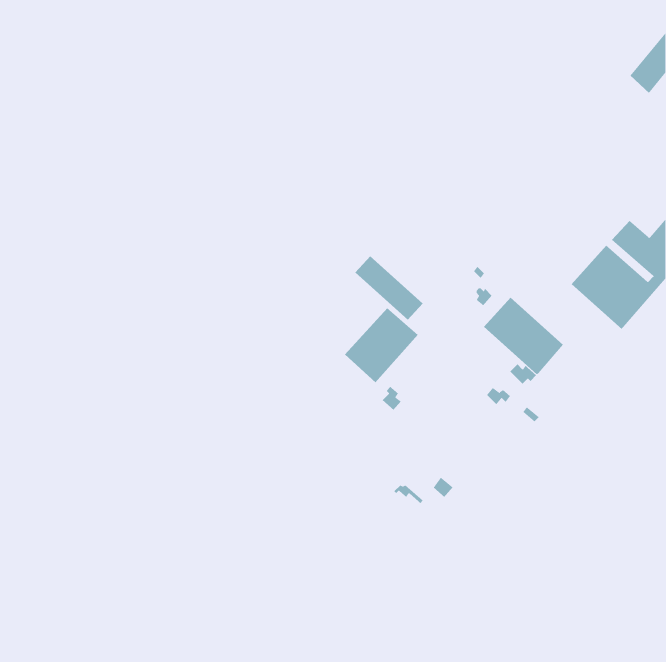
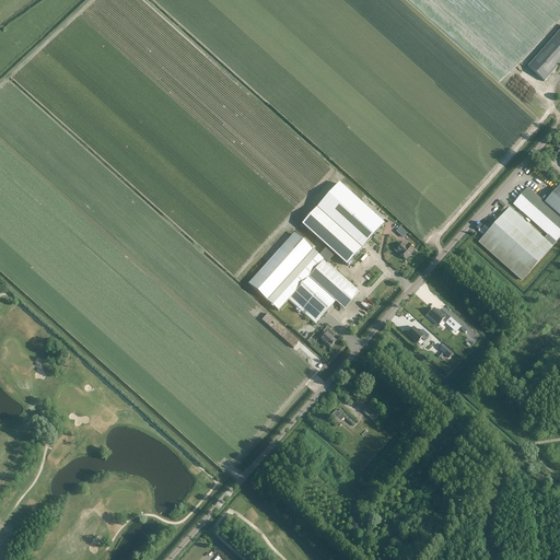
building: none -> [249,232,325,308]
building: [483,297,564,375] -> [316,180,384,246]

